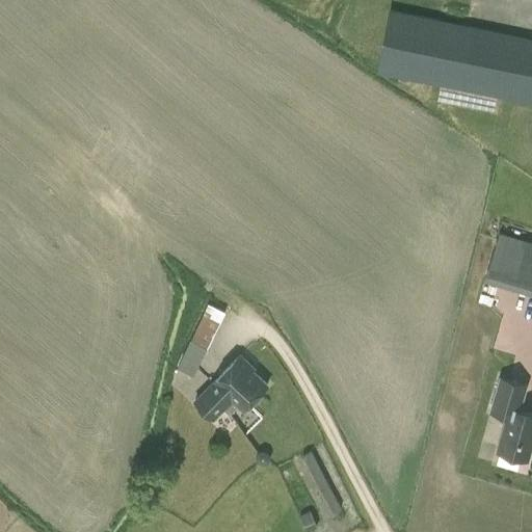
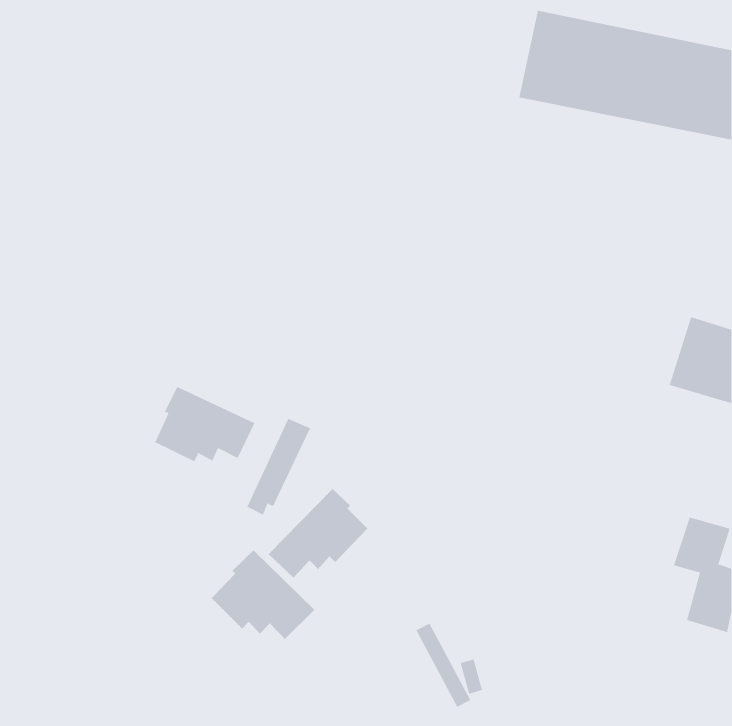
building: none -> [154,386,255,462]
building: none -> [211,550,315,640]

